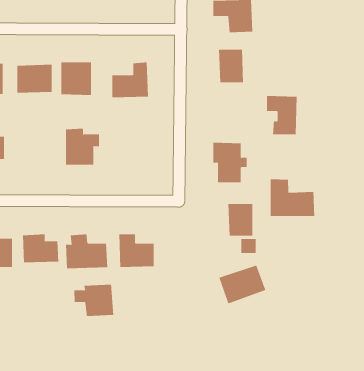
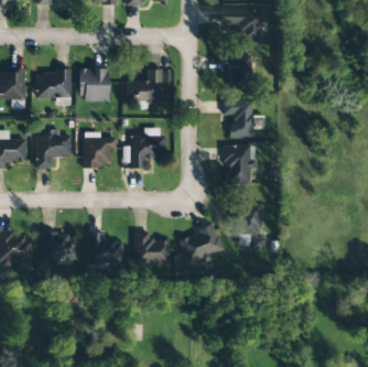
building: [266,95,298,135] -> [223,99,252,137]
building: none -> [122,128,163,166]
building: none -> [35,132,71,169]
building: [270,178,315,217] -> none
building: [219,265,266,304] -> [178,226,224,263]
building: [74,284,114,317] -> none

